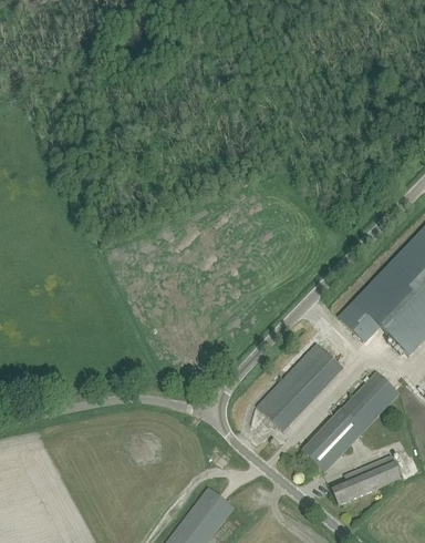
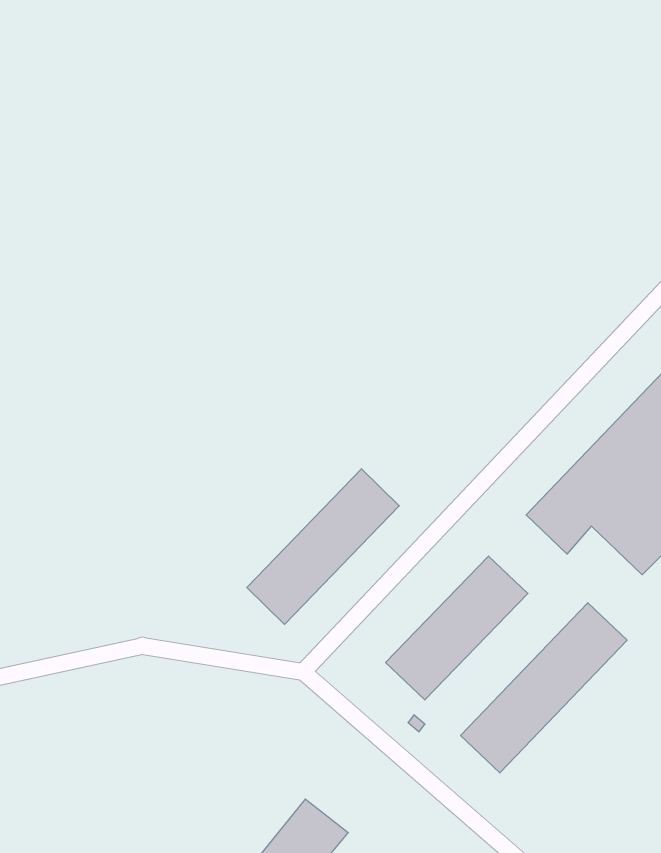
building: none -> [247,469,399,624]
building: [331,454,402,504] -> none

